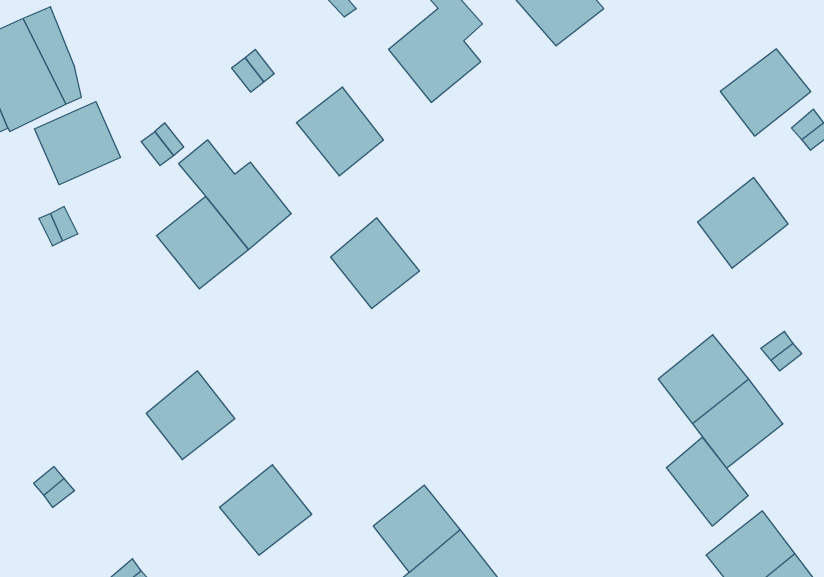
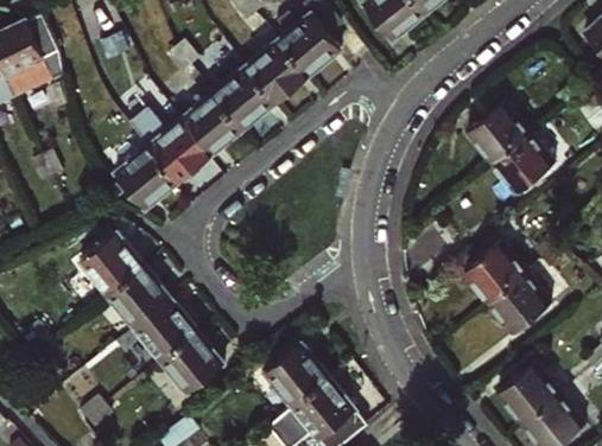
building: [720,49,811,136] -> [467,102,530,163]
building: none -> [243,43,305,106]
building: [35,102,120,185] -> none
building: [331,218,419,309] -> [179,94,241,157]
building: none -> [80,232,142,295]
building: none -> [132,299,195,361]
building: [666,437,748,526] -> none

